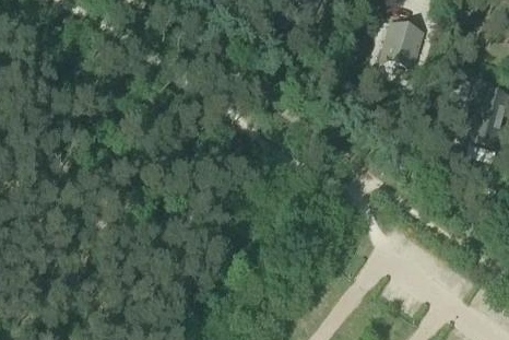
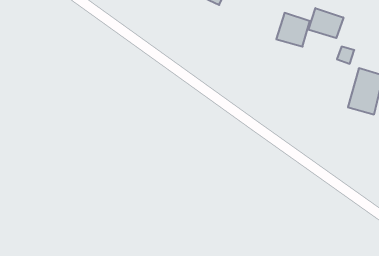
building: none -> [309,8,343,38]

